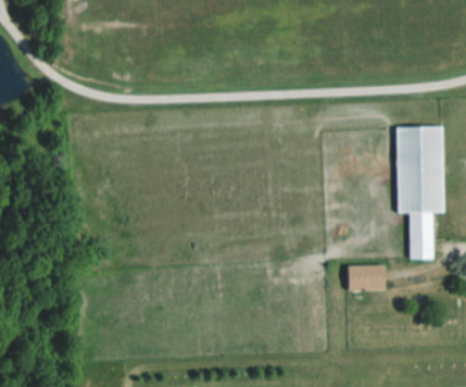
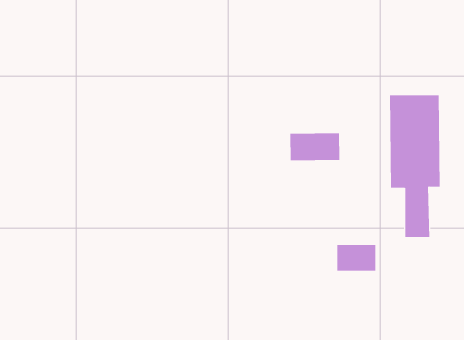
building: none -> [290,132,340,161]

